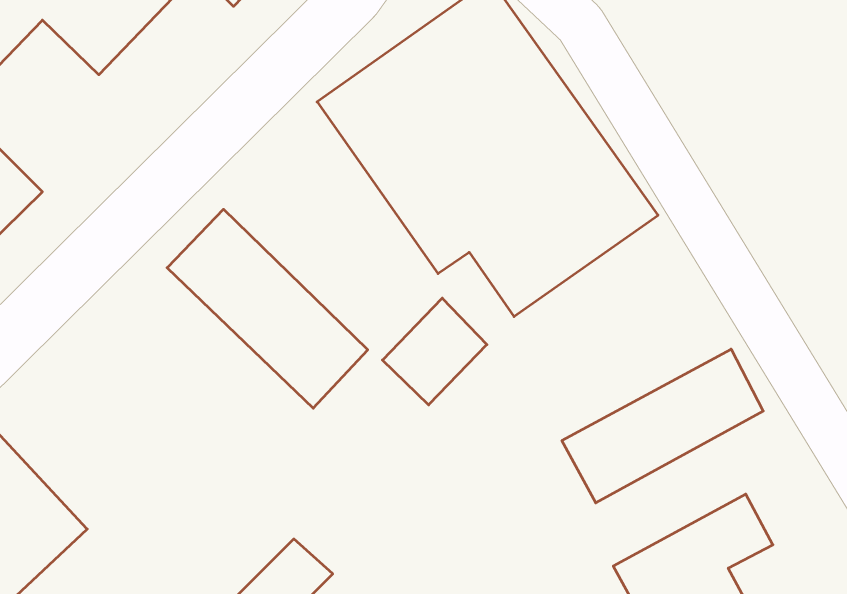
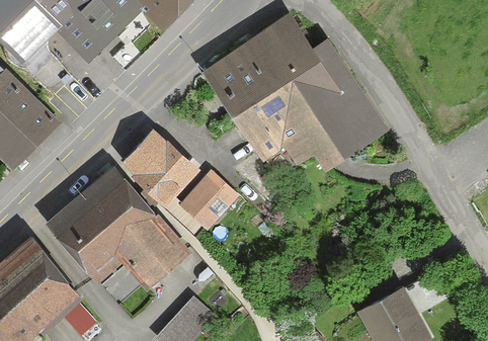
building: none -> [48,165,186,283]
building: [382,298,487,405] -> none
building: [562,349,763,503] -> none

